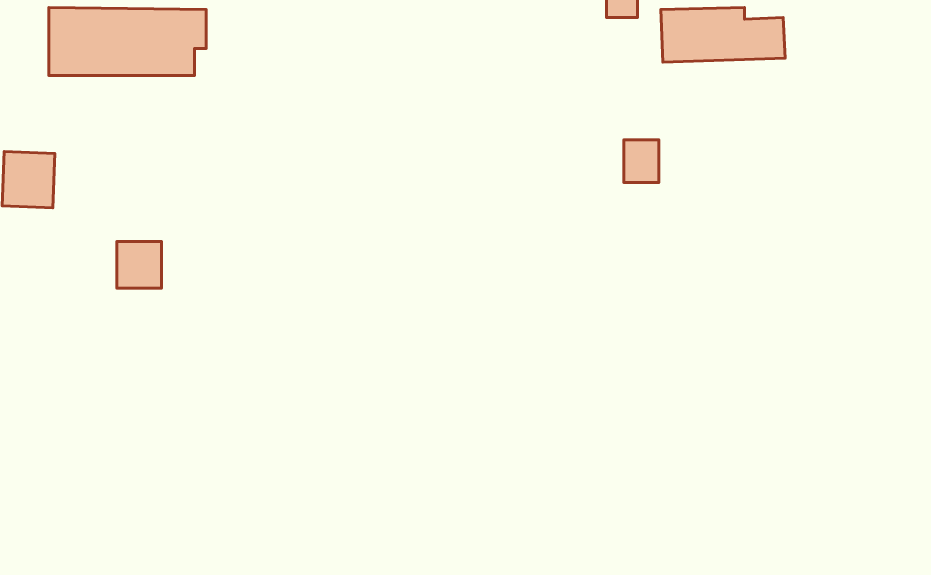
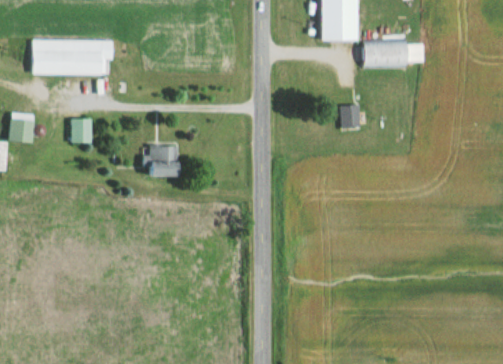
building: none -> [147,144,185,176]
building: [117,242,161,288] -> [70,118,93,142]

